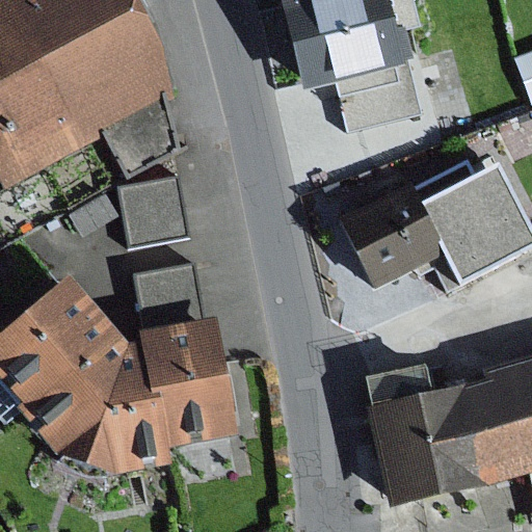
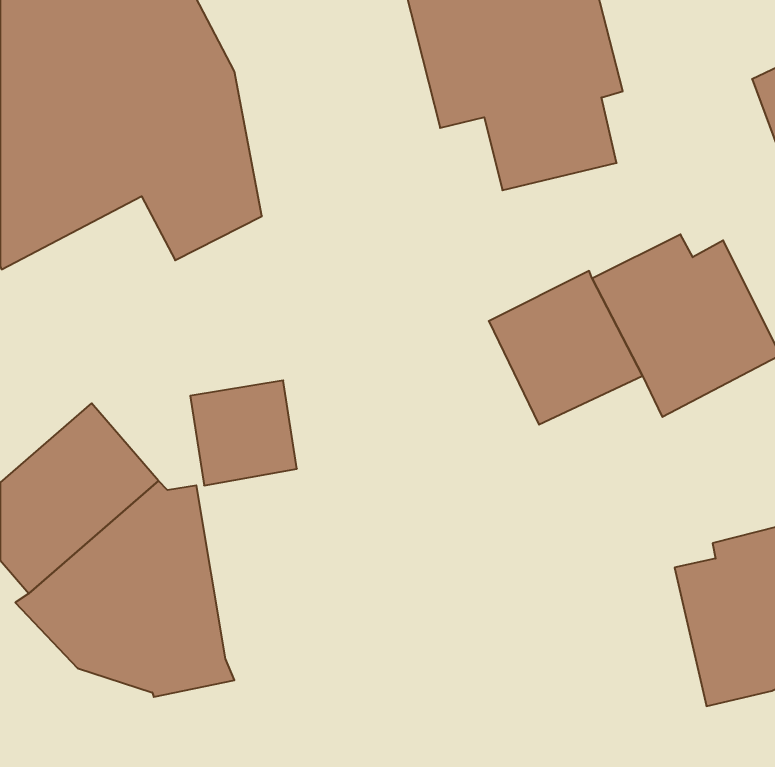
building: [121,174,189,243] -> none
building: [136,319,235,450] -> none
building: [363,367,484,503] -> none

